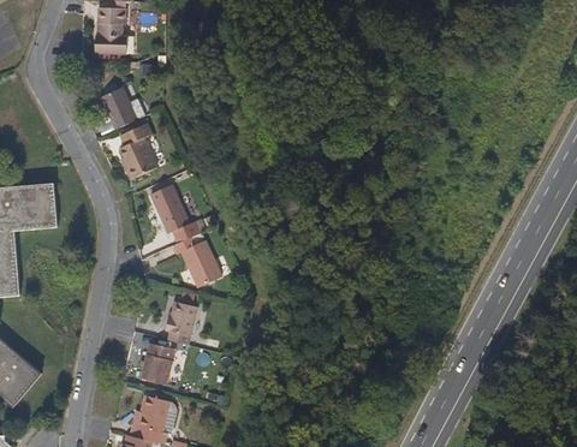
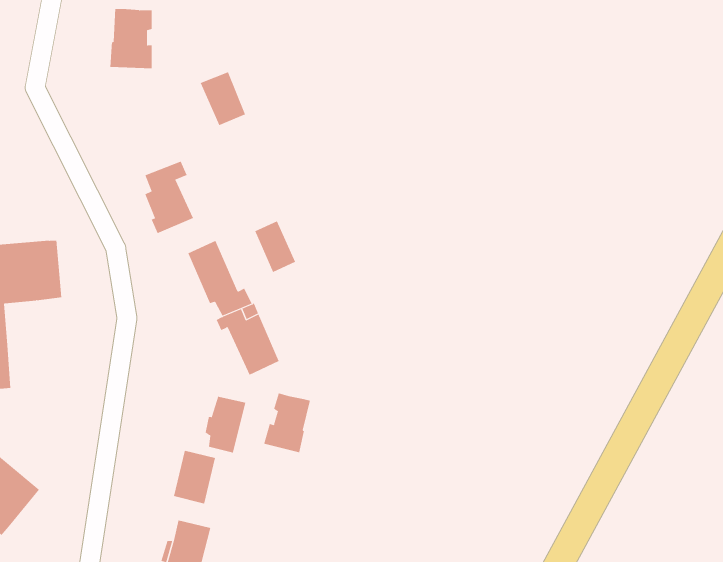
building: [100,88,135,129] -> [200,72,246,126]
building: none -> [254,220,296,273]
building: none -> [264,392,310,453]

